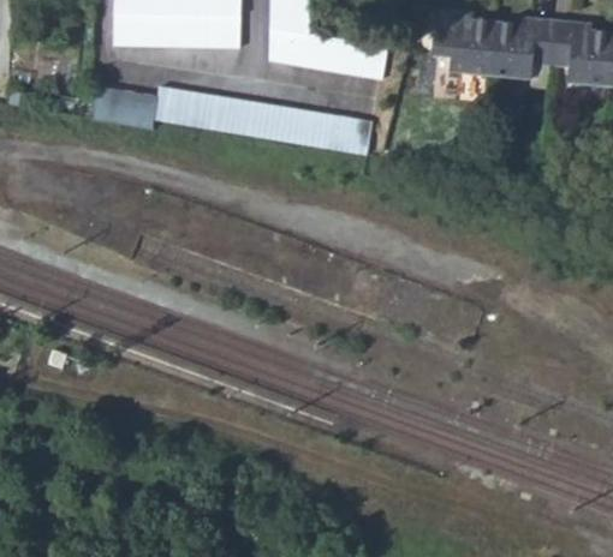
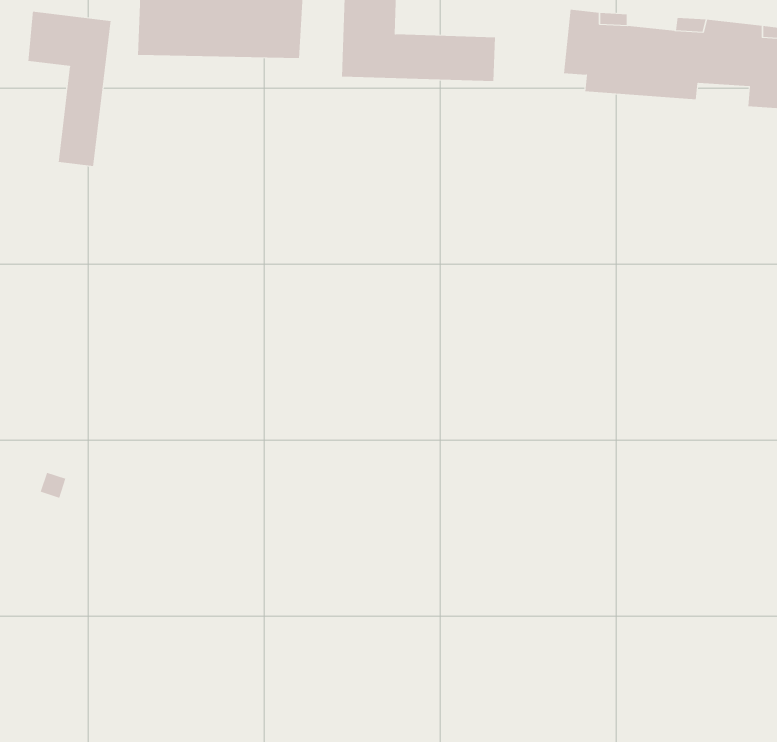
building: none -> [28,11,111,167]
building: [94,88,371,154] -> none

